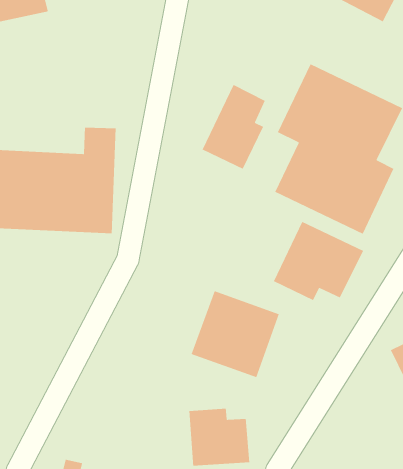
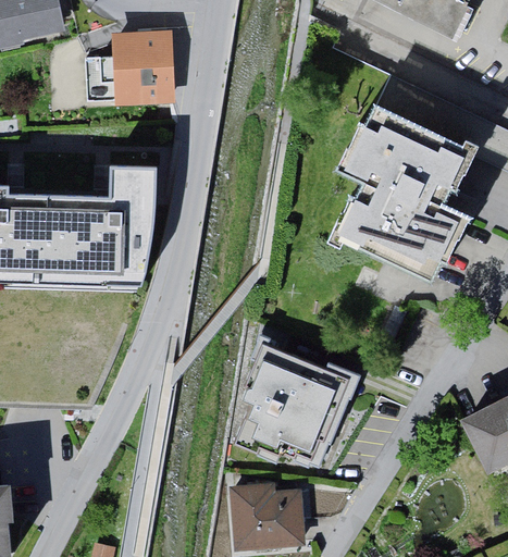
building: none -> [110,27,178,99]
building: [202,84,266,170] -> none
building: [273,221,364,301] -> none

